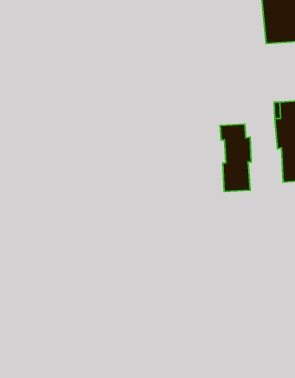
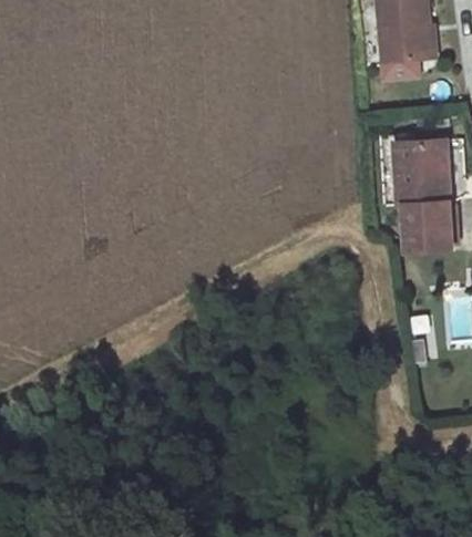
building: [220,124,251,192] -> none

